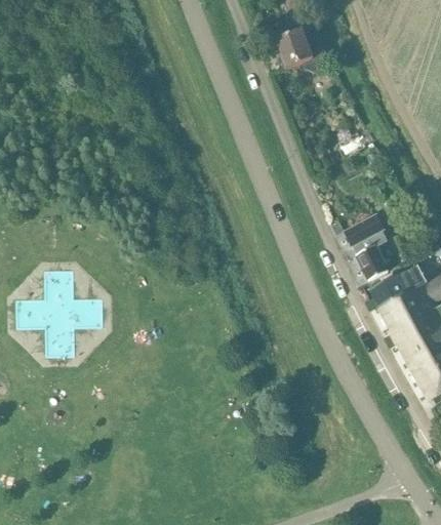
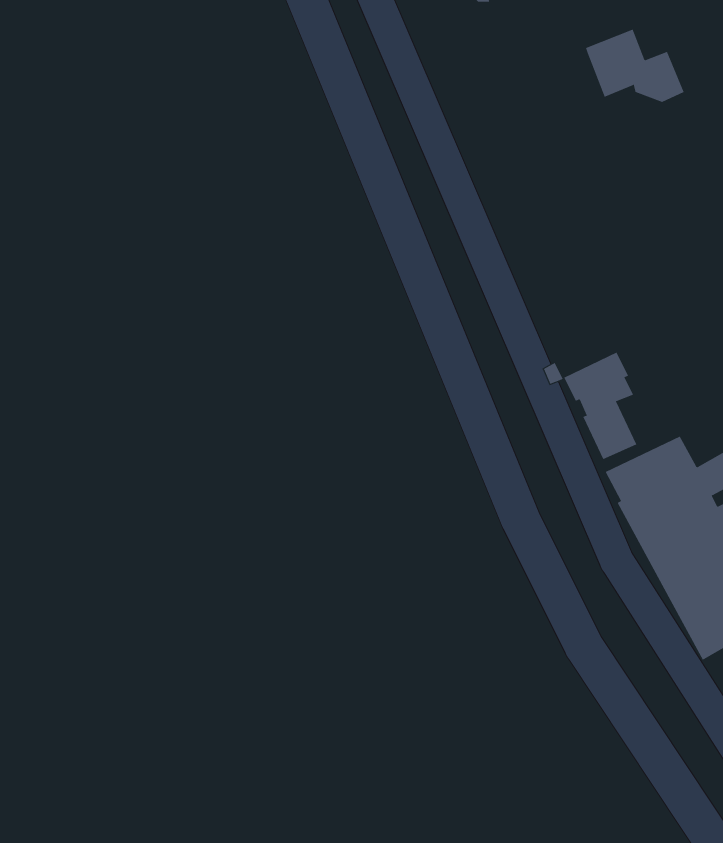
building: [273,29,332,73] -> [585,29,685,103]

